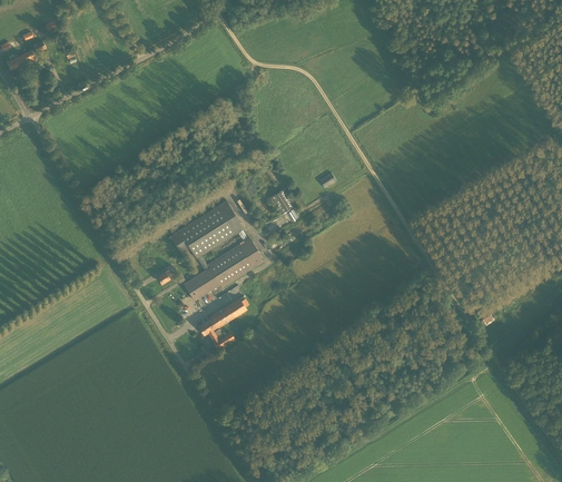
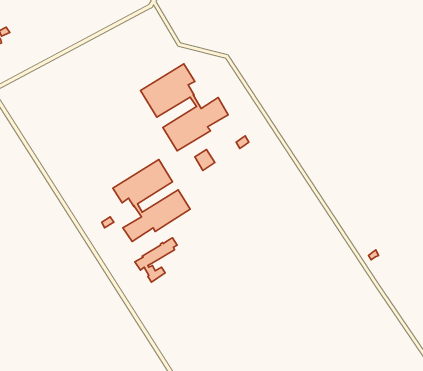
building: none -> [141,64,228,151]

